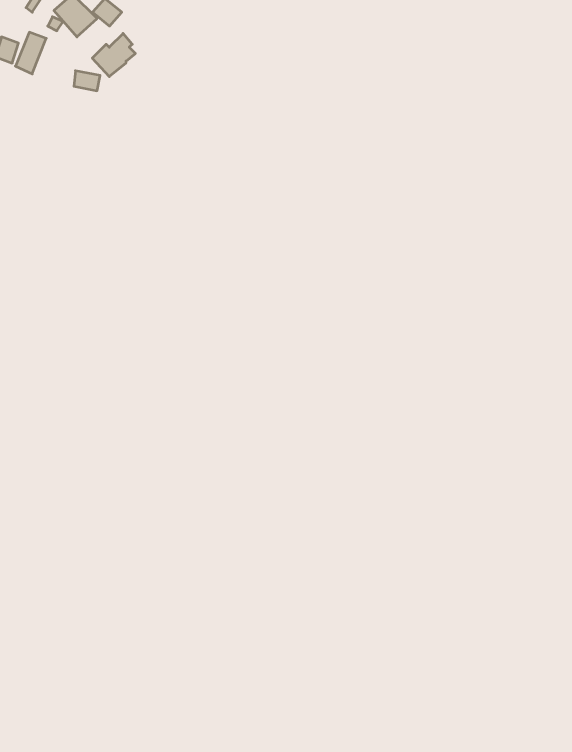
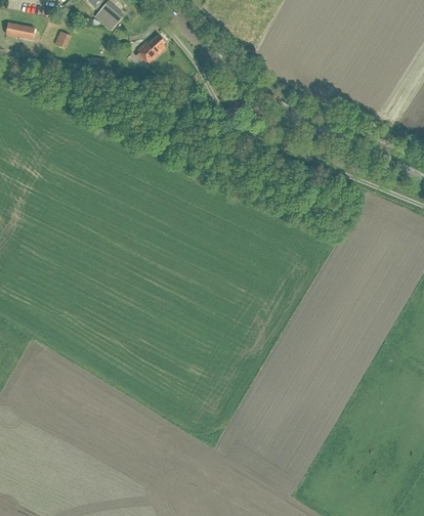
building: [92,33,135,77] -> [136,33,165,61]

